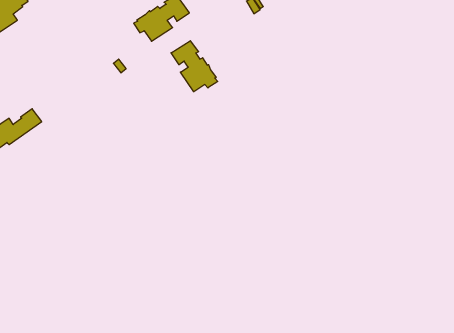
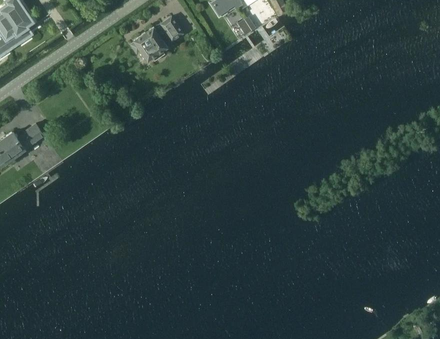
building: [171,41,218,92] -> none

